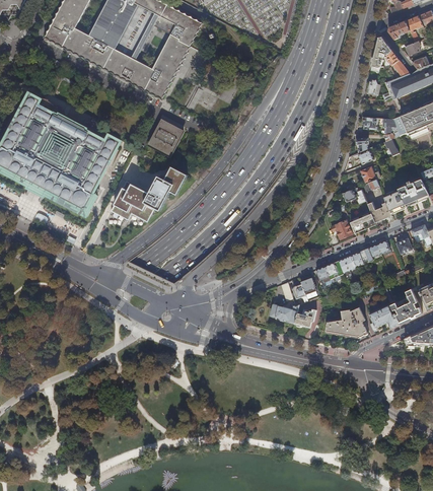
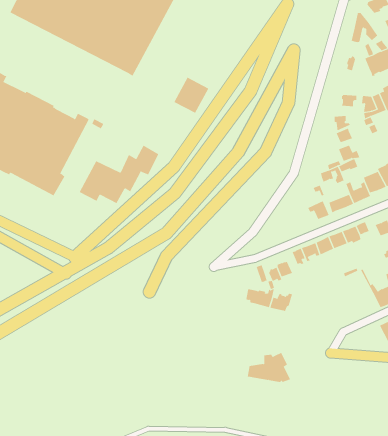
building: [149,120,184,155] -> [173,77,209,114]
building: [369,304,401,330] -> none
building: [326,306,368,336] -> [247,352,291,383]

